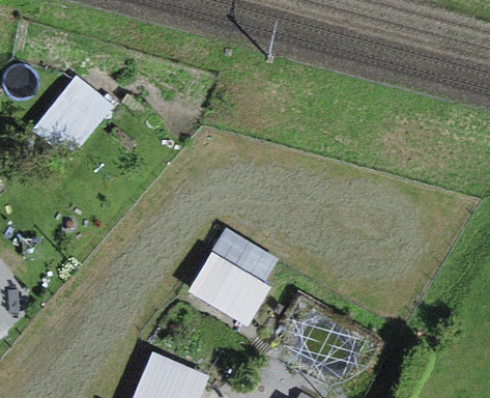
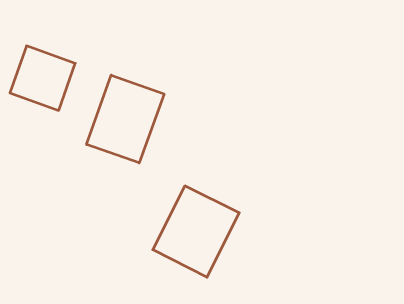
building: none -> [87,75,164,163]

